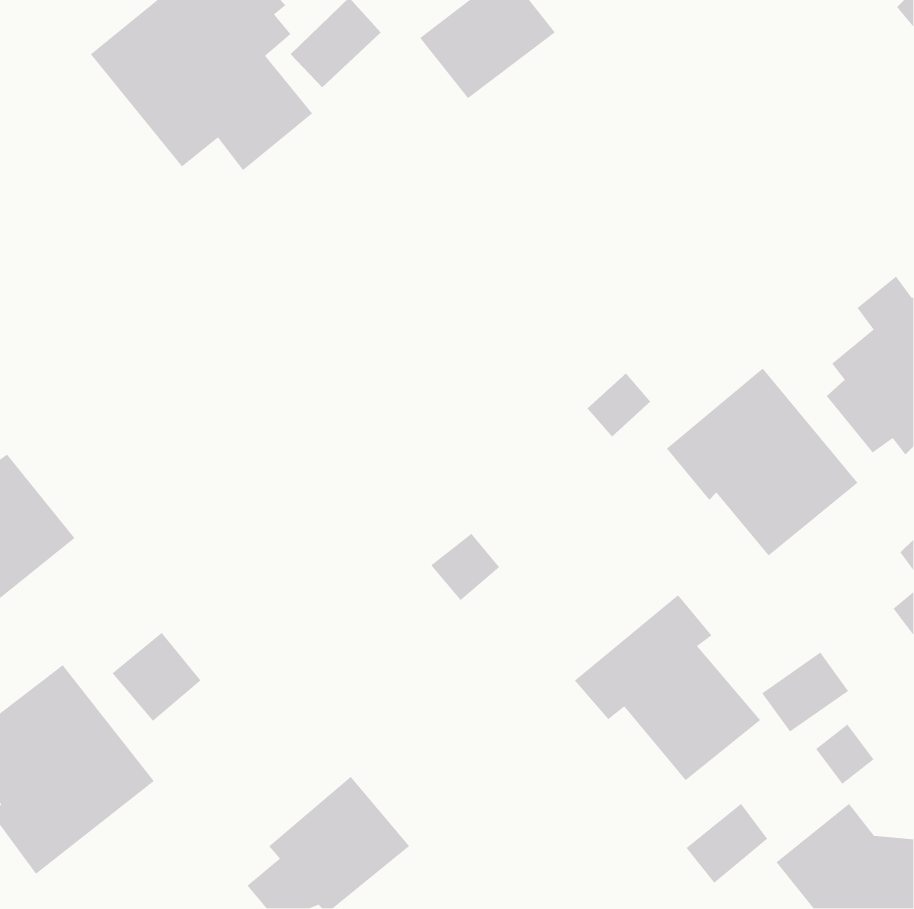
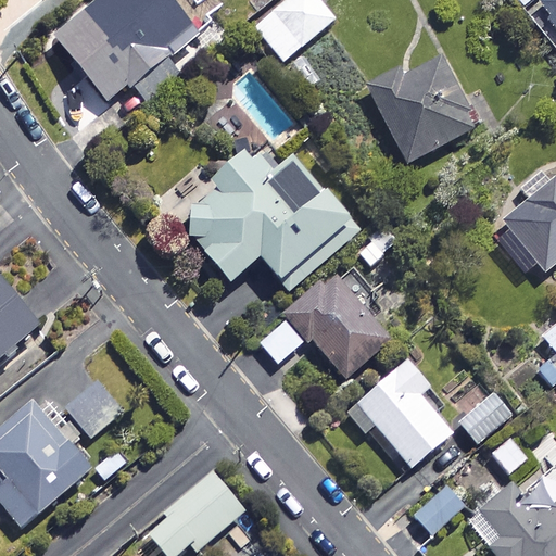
building: none -> [368,58,478,164]
building: none -> [177,150,353,286]
building: [666,368,858,557] -> [283,265,400,379]

